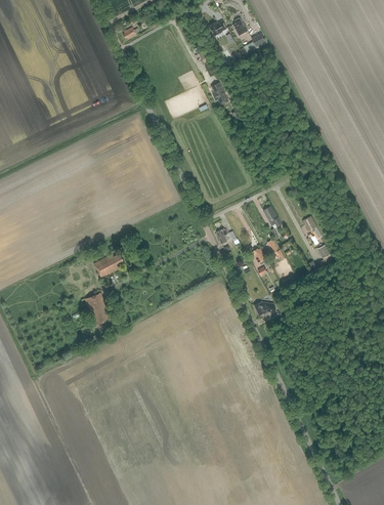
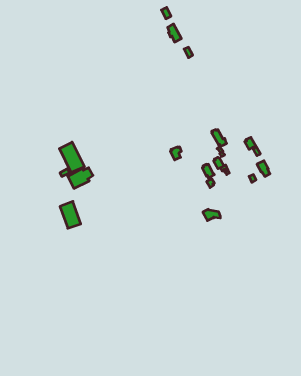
building: none -> [59,142,84,173]

